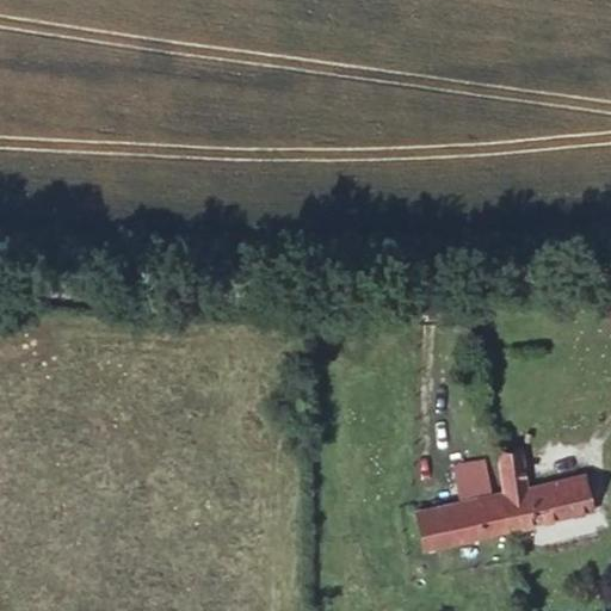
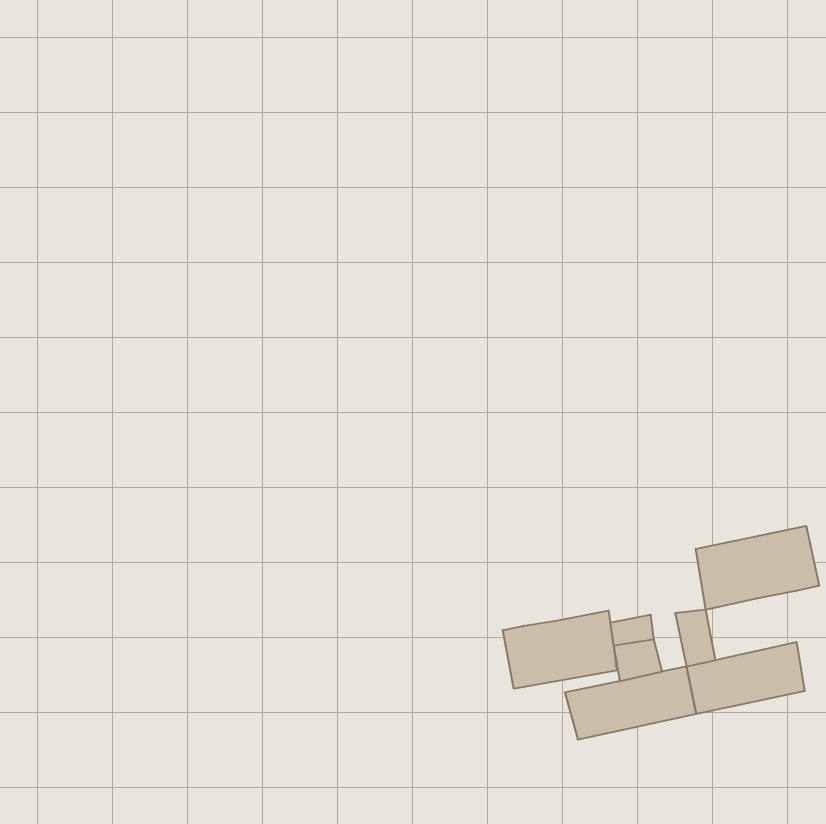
building: none -> [696,526,819,610]
building: none -> [503,610,617,689]

